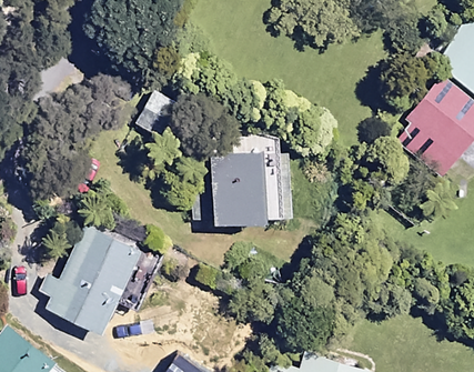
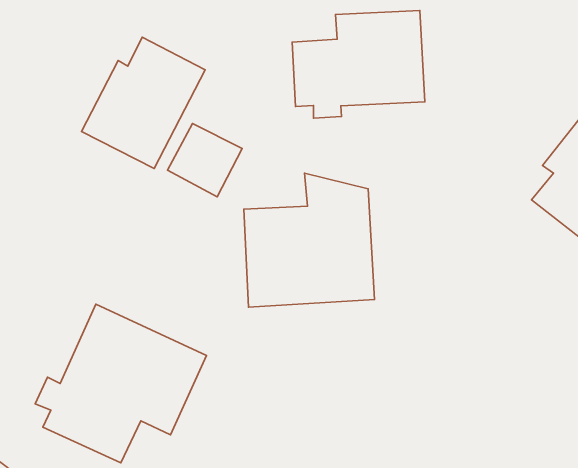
building: none -> [292,11,425,118]
building: none -> [82,37,205,169]

